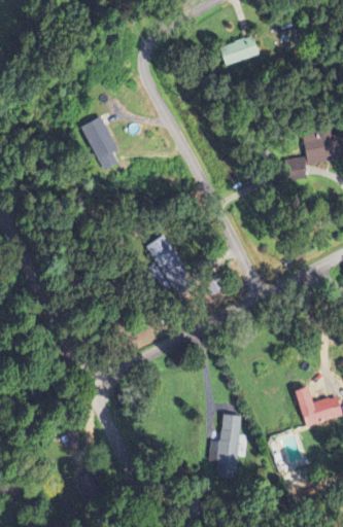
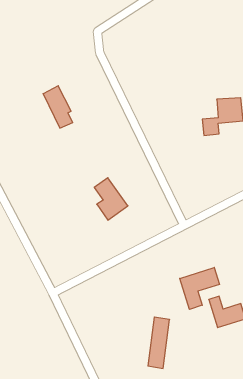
building: [219,36,259,64] -> none
building: none -> [180,267,220,309]

